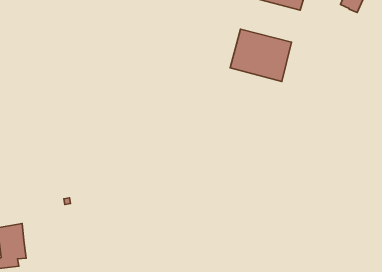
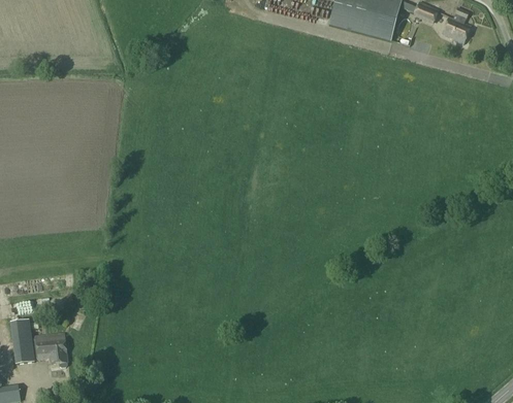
building: [230,29,291,81] -> none
building: none -> [35,333,66,364]

